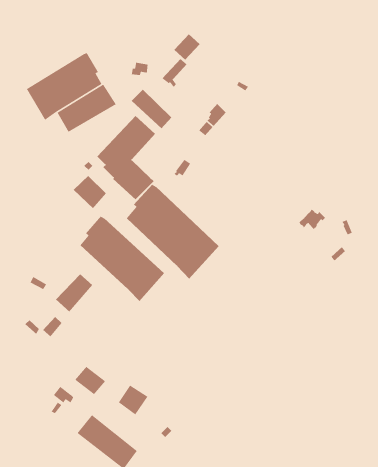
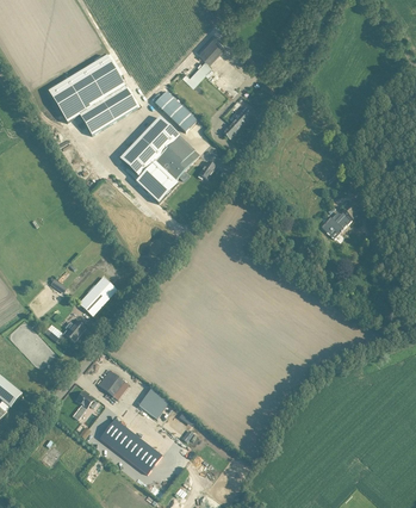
building: none -> [155,136,199,180]
building: [73,175,107,209] -> none
building: [126,184,220,280] -> none
building: [79,216,165,302] -> none

